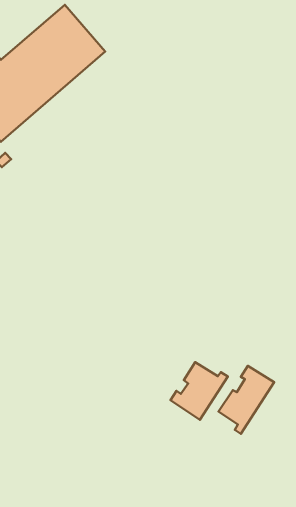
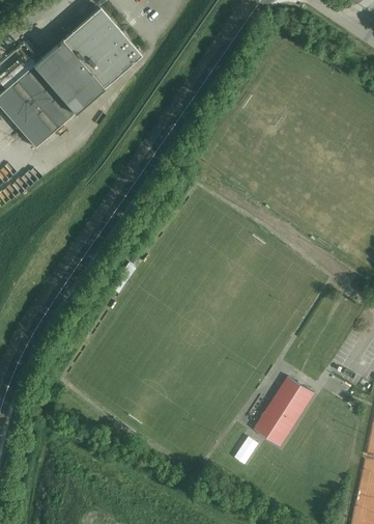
building: [170,362,228,420] -> none

